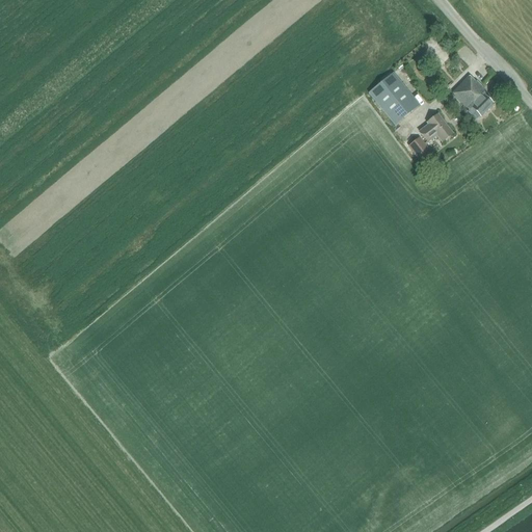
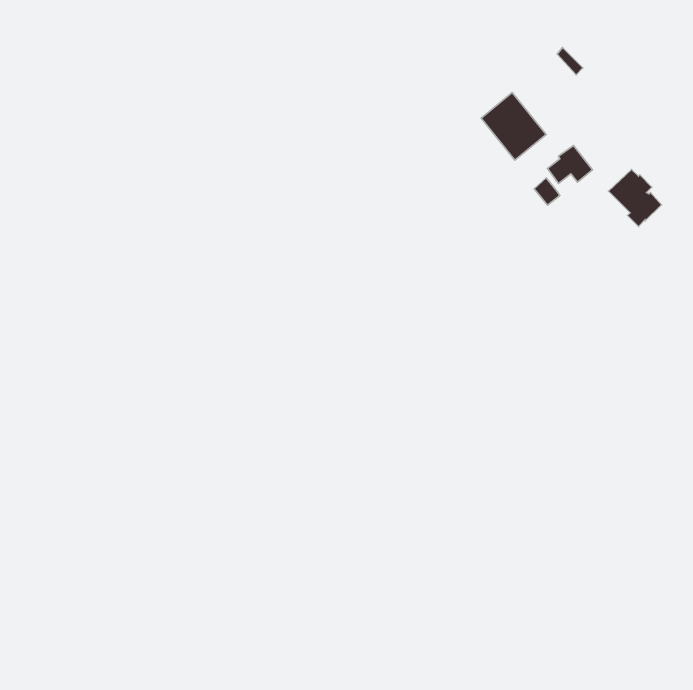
building: [452,74,493,117] -> [608,169,661,226]

